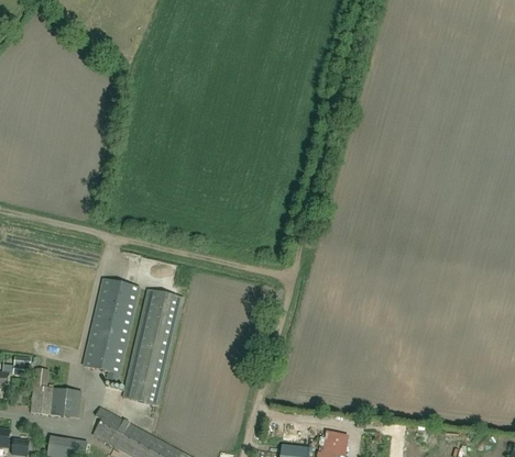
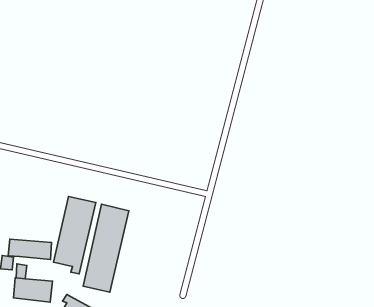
building: none -> [8,239,51,259]

